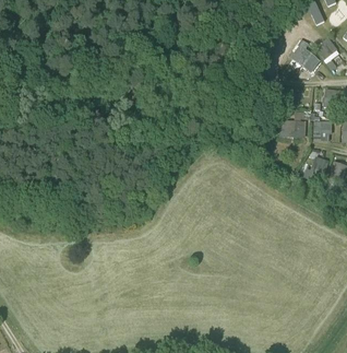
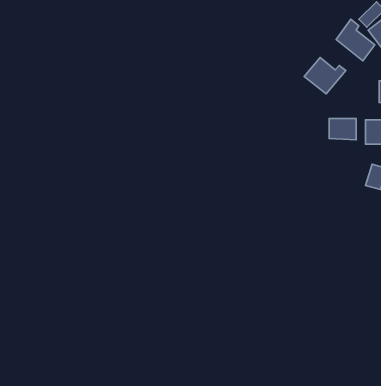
building: none -> [304,58,346,94]

